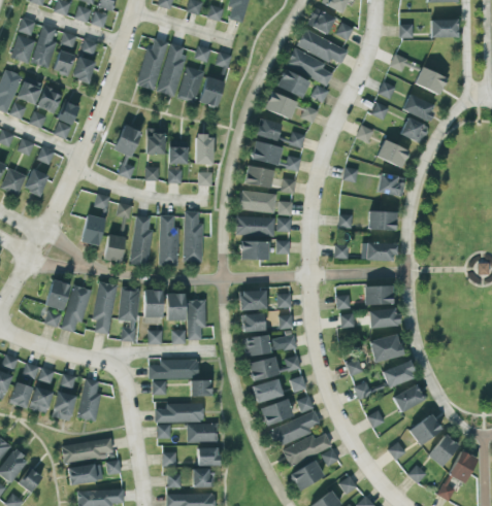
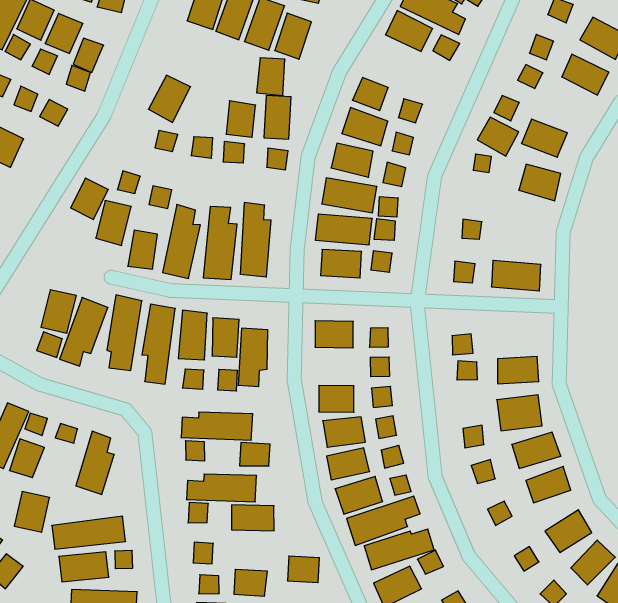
building: [264,92,297,120] -> none
building: [399,117,428,144] -> [477,117,519,156]
building: [145,129,164,155] -> [257,58,285,96]
building: [23,168,48,197] -> [71,178,108,220]
building: [368,211,396,231] -> none
building: [364,285,393,305] -> none
building: [241,314,264,332] -> none
building: [52,393,75,420] -> [14,492,50,532]
building: [197,448,219,466] -> [287,556,319,583]

